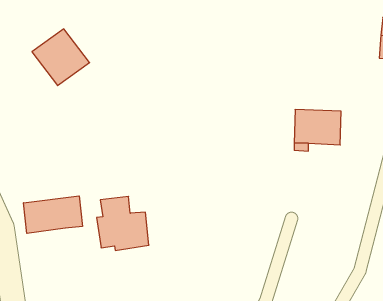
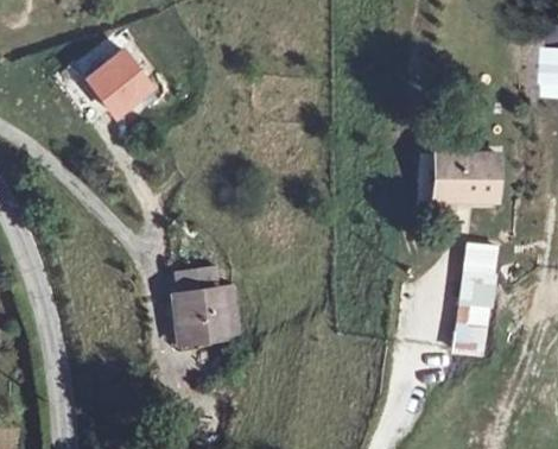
building: none -> [451,244,495,354]
building: [24,196,82,233] -> none

